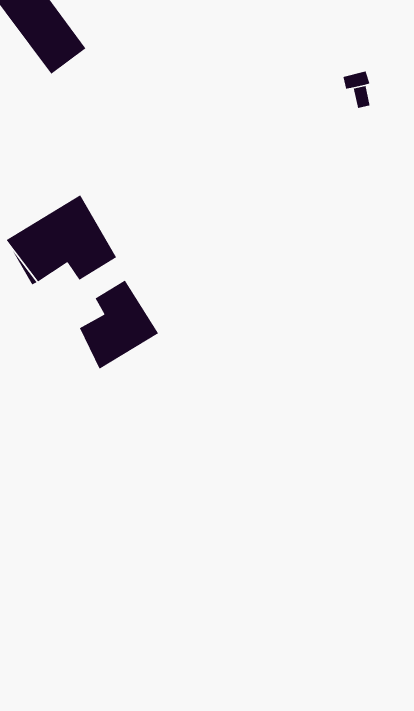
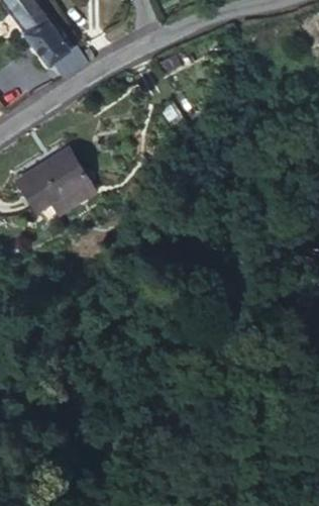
building: [79,280,159,370] -> none

